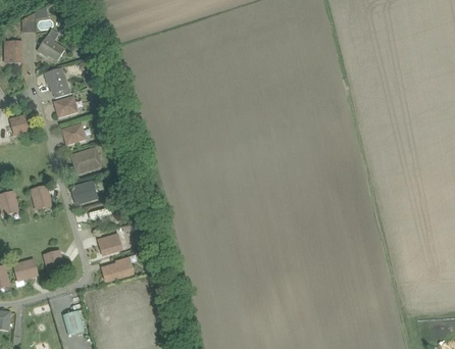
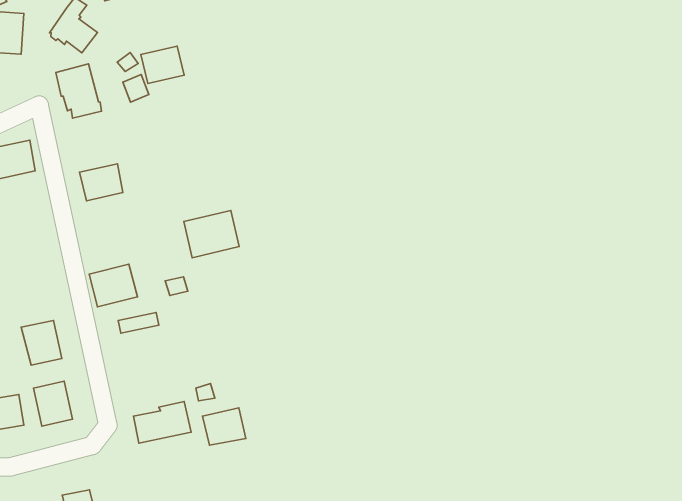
building: [52,95,78,117] -> [141,46,184,84]
building: [69,146,102,174] -> [184,210,239,258]
building: [29,184,53,210] -> [21,320,62,365]
building: [97,233,122,255] -> [203,408,246,445]

